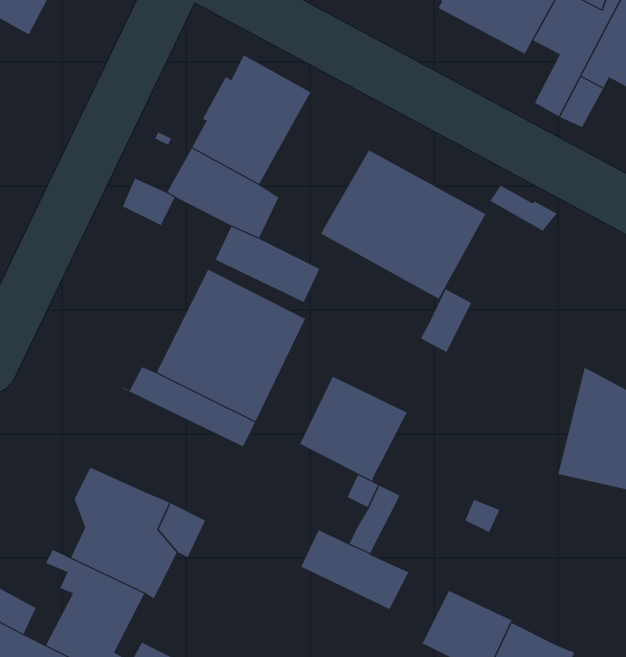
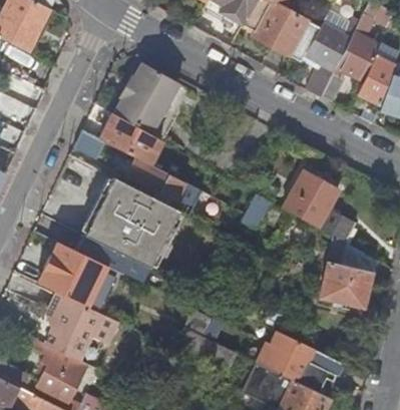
building: [320,150,486,299] -> none
building: none -> [286,171,339,227]
building: [299,376,408,482] -> none
building: none -> [40,245,107,307]
building: none -> [256,331,342,393]

